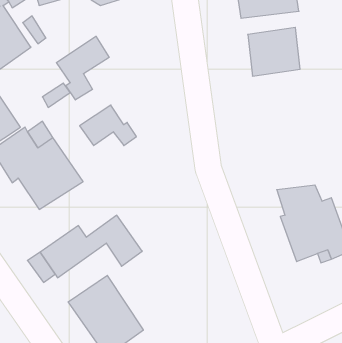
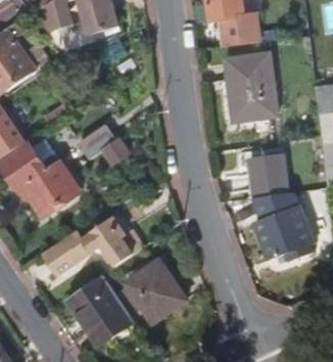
building: [56,36,109,100] -> none
building: none -> [231,90,276,120]
building: none -> [245,154,286,197]
building: none -> [126,258,186,321]

